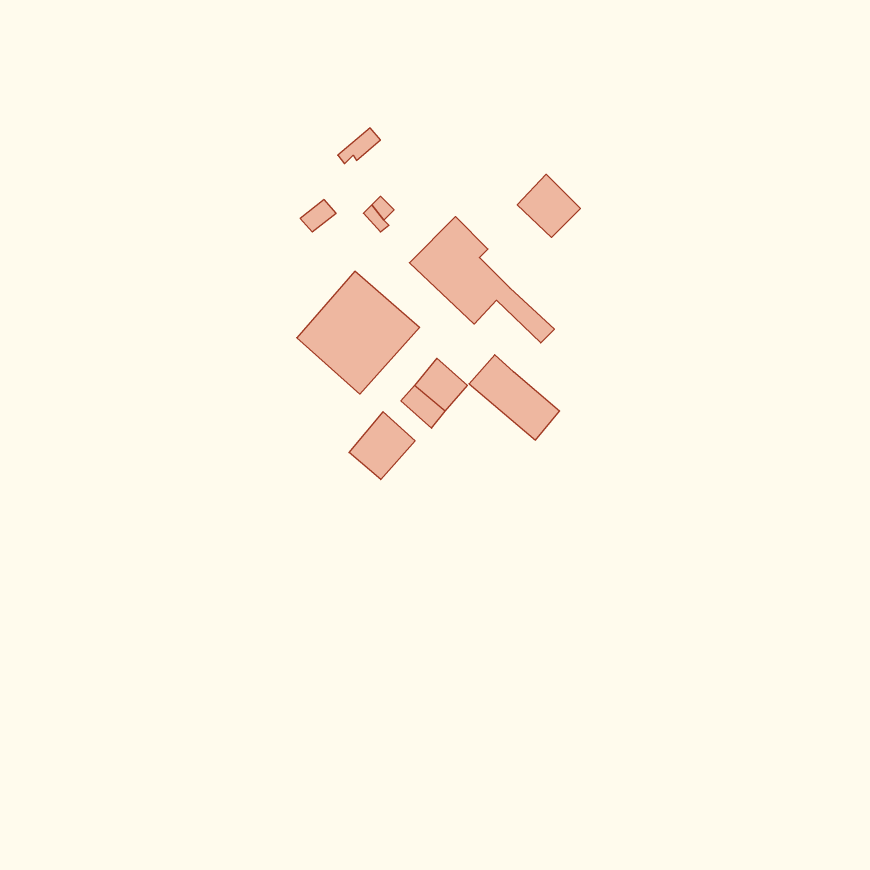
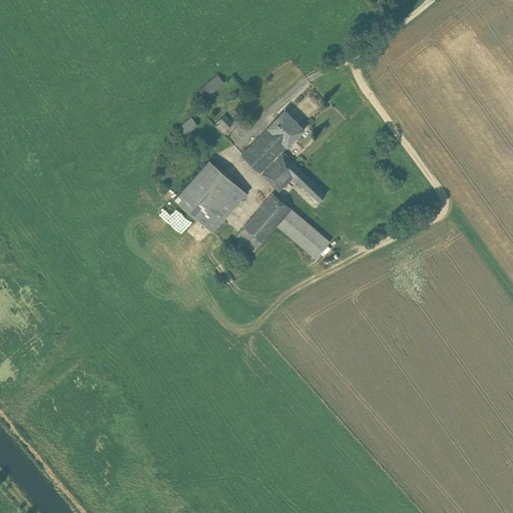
building: [517,174,580,237] -> [267,110,304,147]
building: none -> [256,193,291,227]
building: [349,412,415,480] -> none

